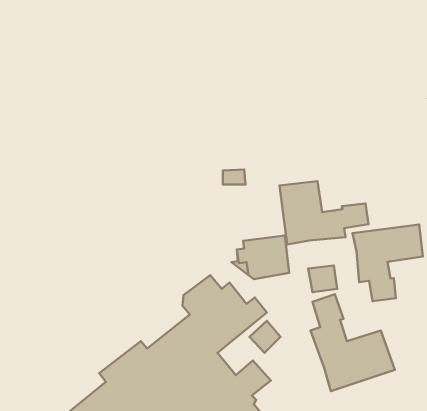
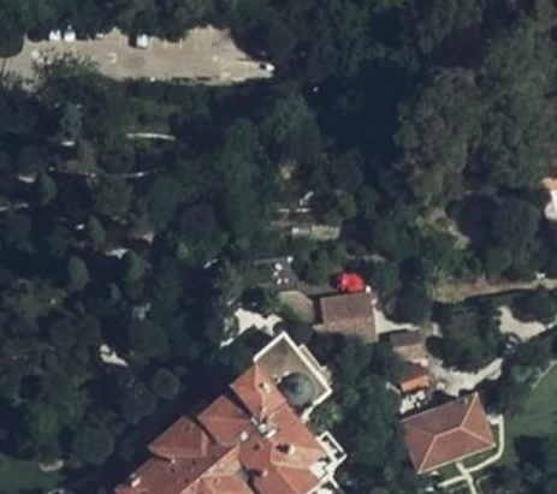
building: [279,181,368,245] -> none
building: [353,224,423,301] -> none

